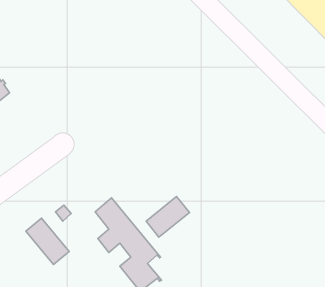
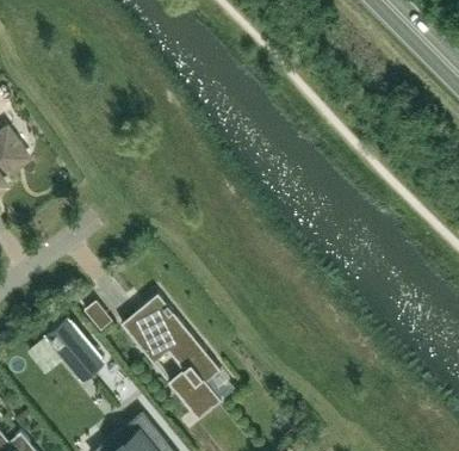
building: [146,197,190,237] -> none

